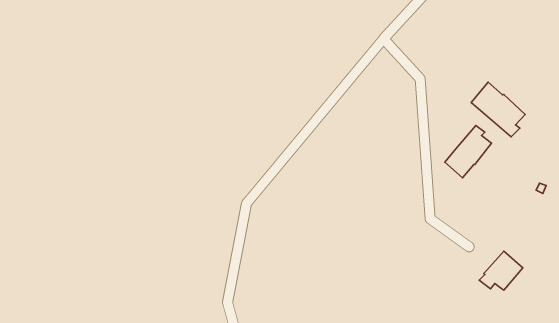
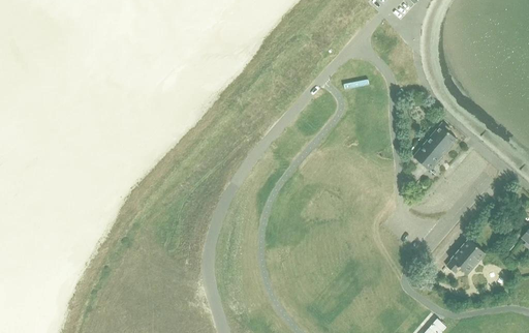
building: [471,82,525,137] -> none

